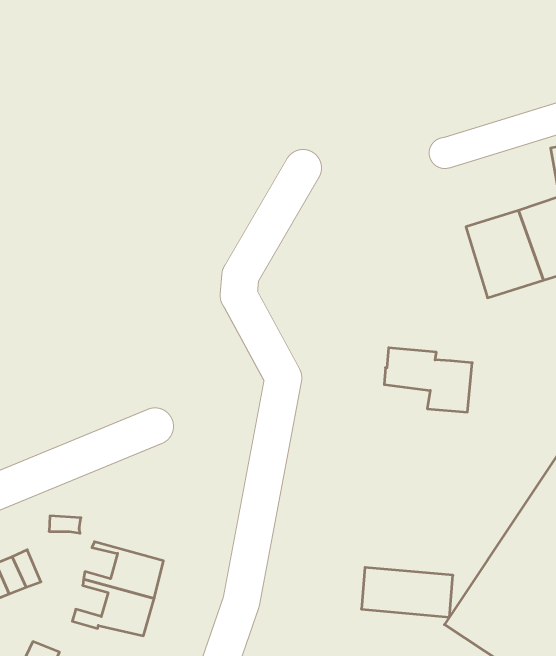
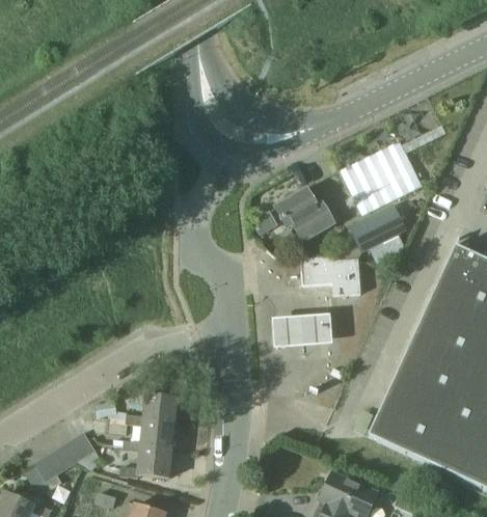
building: none -> [276,191,333,243]
building: none -> [332,203,406,262]
building: none -> [127,394,178,425]
building: [361,567,453,617] -> [271,312,332,345]

